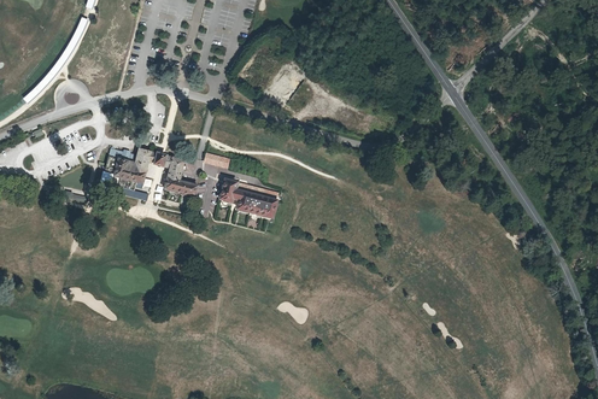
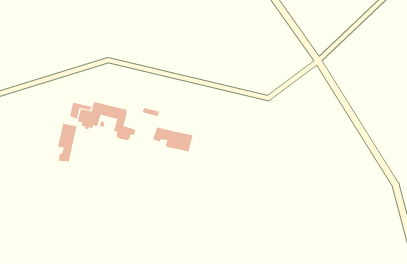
building: none -> [58,123,77,163]

